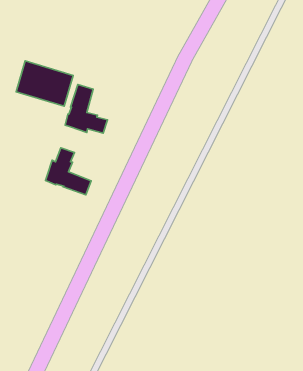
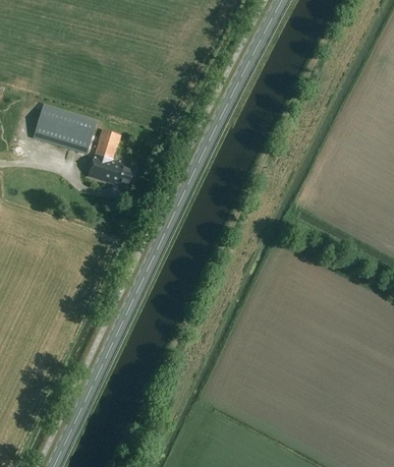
building: [45,148,91,195] -> none

